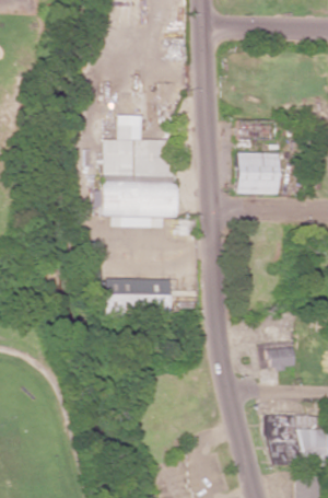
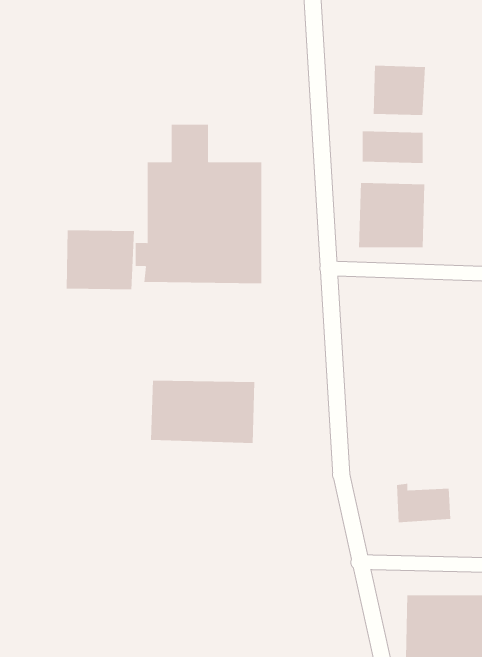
building: none -> [373,65,425,116]
building: none -> [66,230,134,290]

